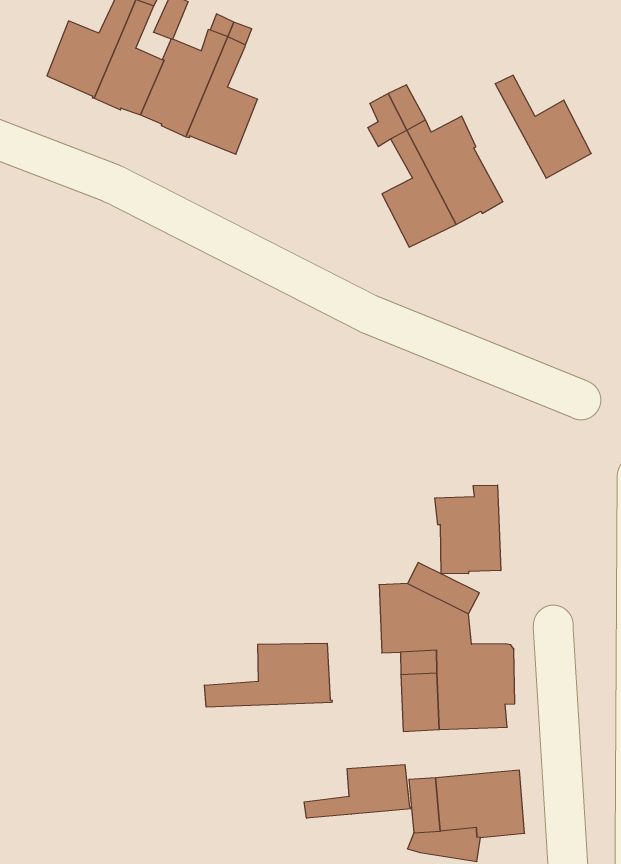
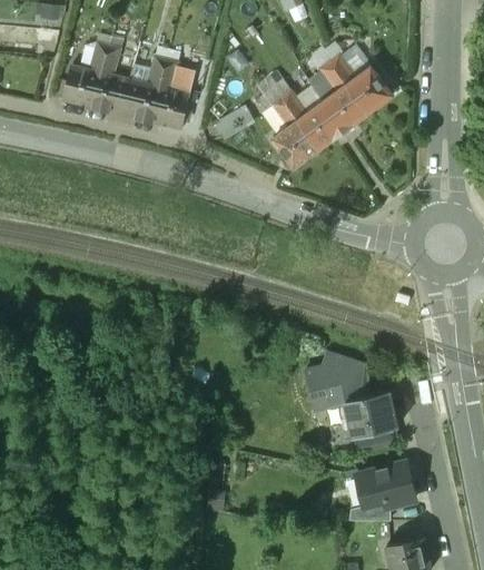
building: none -> [320,61,368,130]
building: [435,485,501,574] -> none
building: [204,643,332,707] -> none
building: [304,765,411,818] -> none

